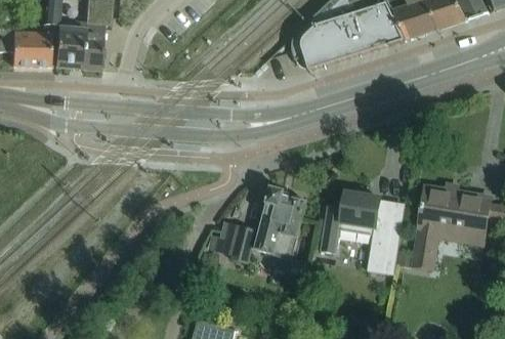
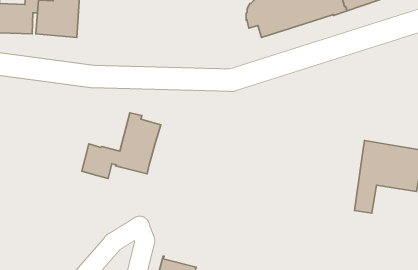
building: [216,188,305,262] -> [82,113,161,179]
building: [320,193,394,272] -> none

